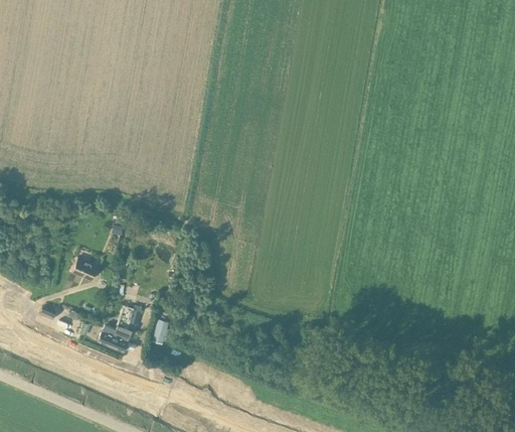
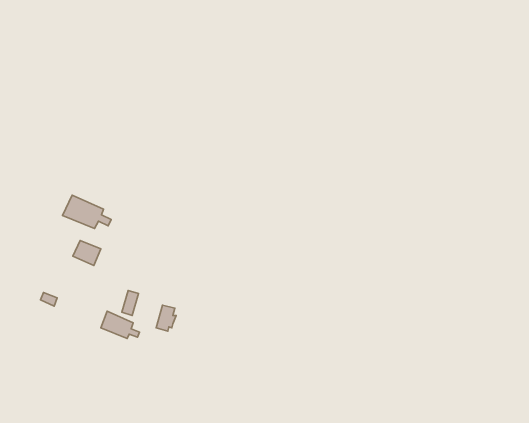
building: none -> [63,195,111,229]

